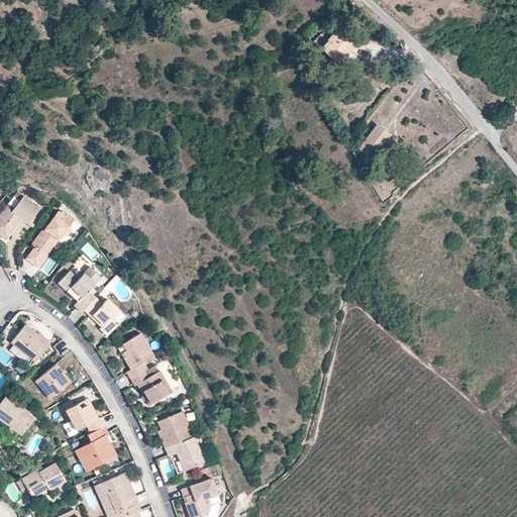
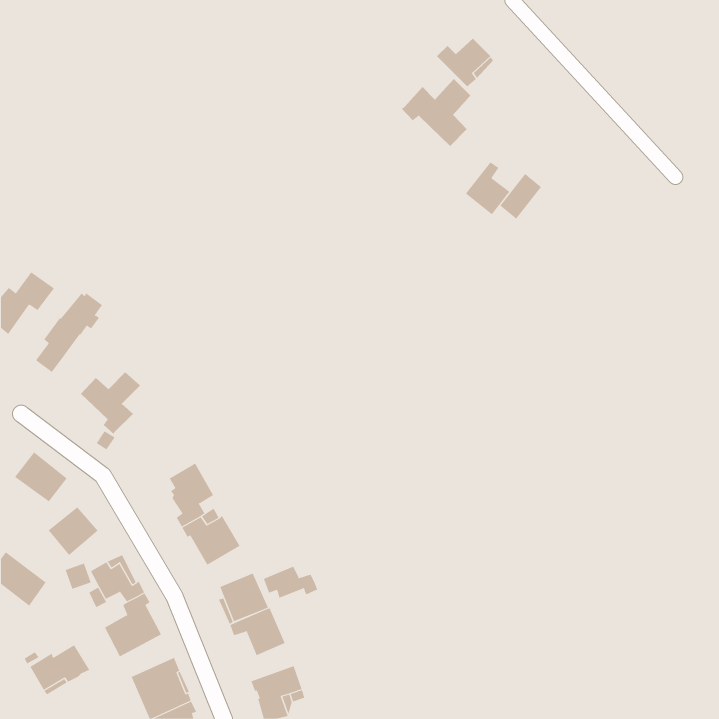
building: none -> [401,78,471,147]
building: none -> [466,162,510,215]
building: [83,297,119,335] -> none
building: none -> [263,566,318,599]

